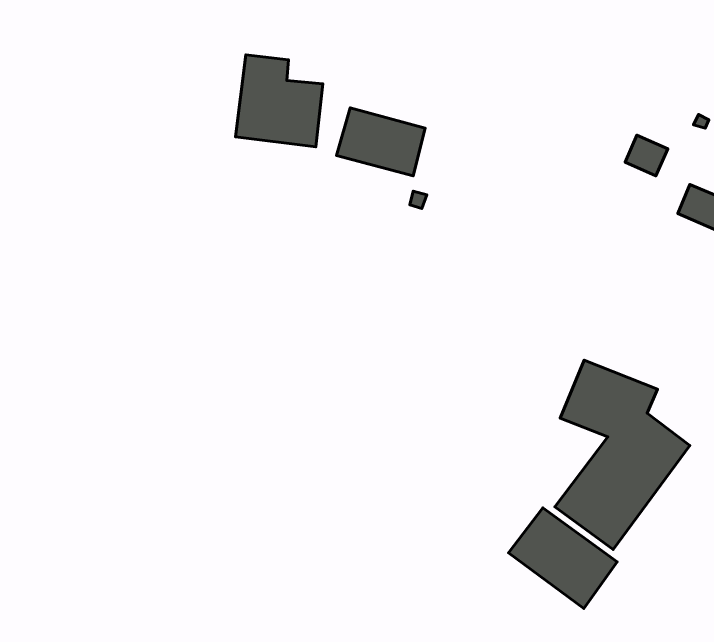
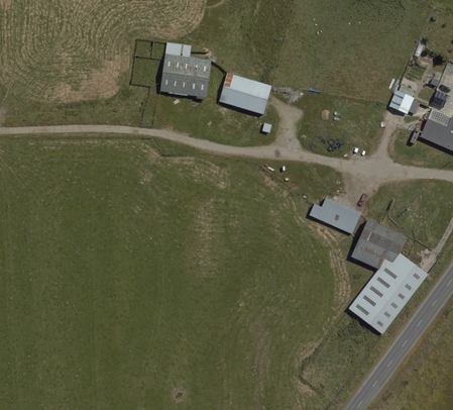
building: none -> [310,197,362,234]
building: [508,508,617,608] -> none

